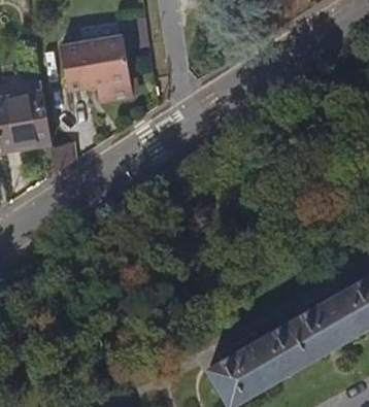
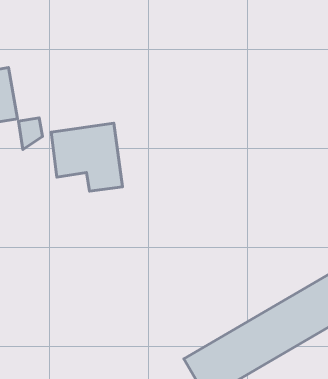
building: [65,36,132,100] -> [51,123,122,191]

